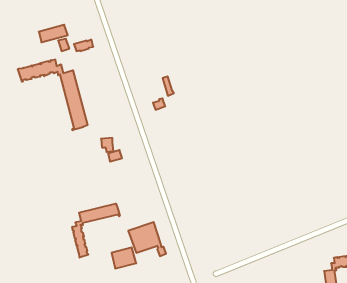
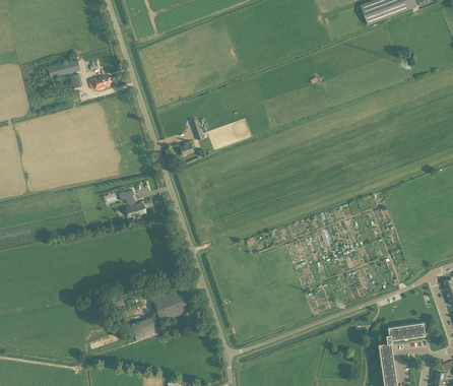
building: [18,59,88,130] -> none
building: [72,204,120,258] -> none

